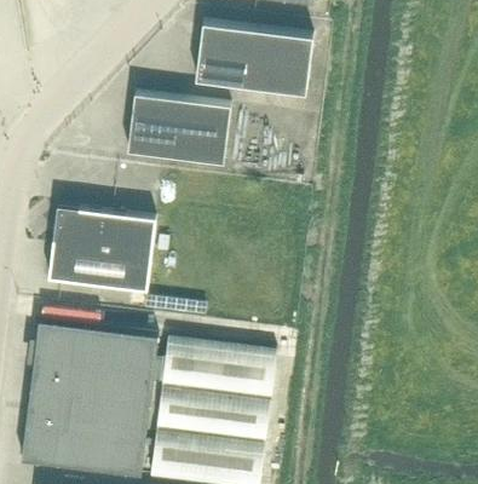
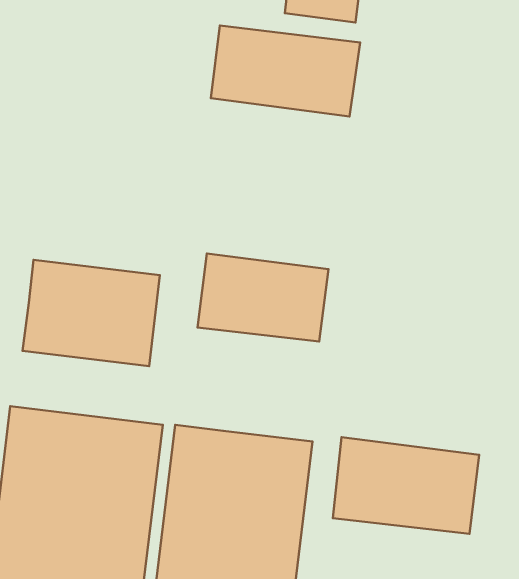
building: [128,94,231,163] -> [198,254,329,341]
building: none -> [333,437,479,534]

